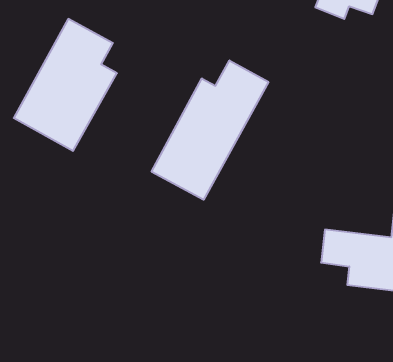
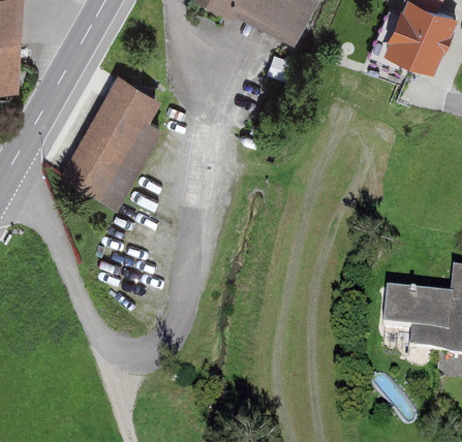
building: [152,60,268,200] -> none

